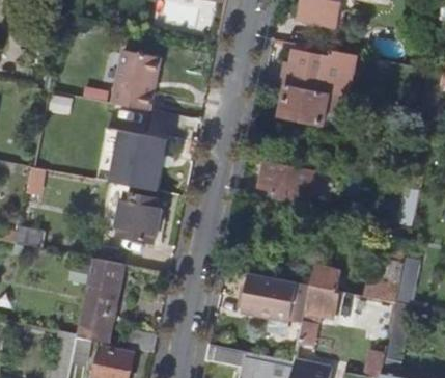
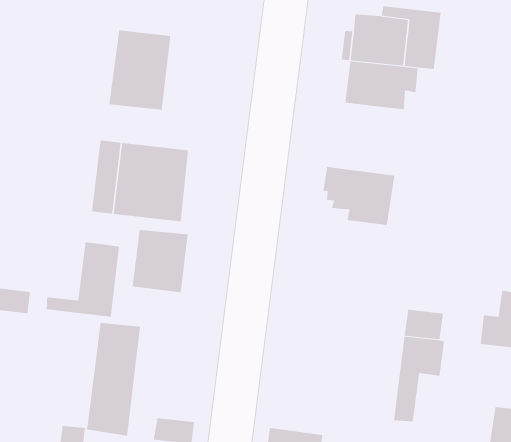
building: none -> [46,242,119,317]
building: [243,273,298,321] -> none

